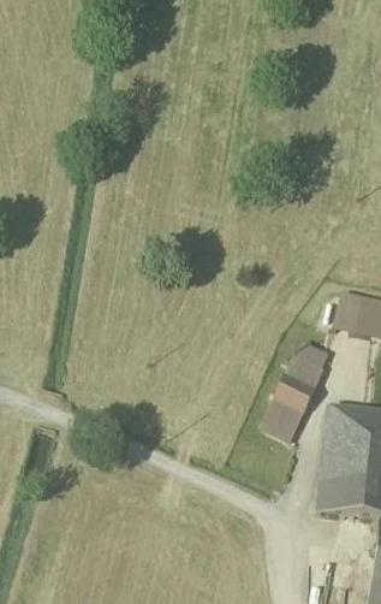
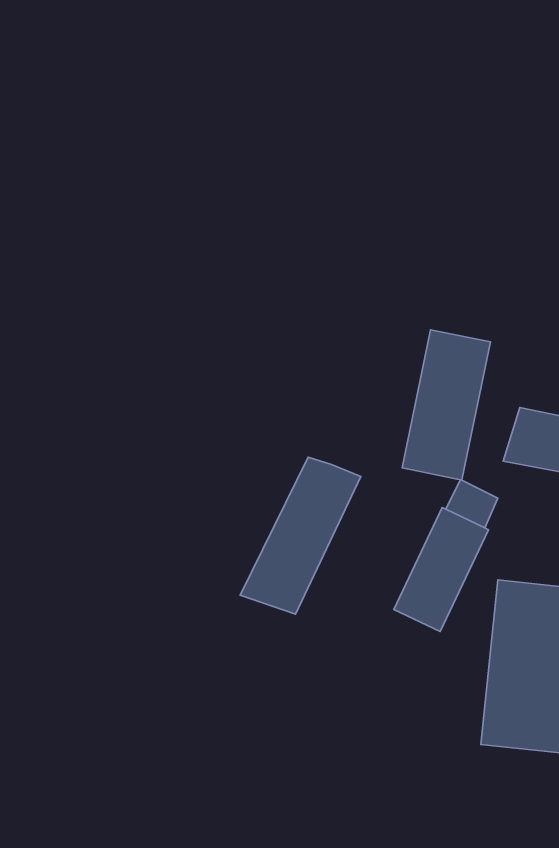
building: none -> [402,330,490,480]
building: none -> [240,457,361,614]

